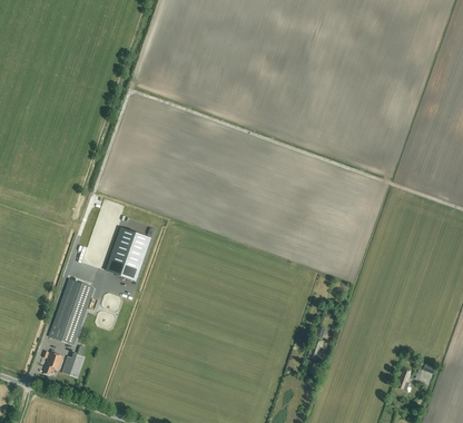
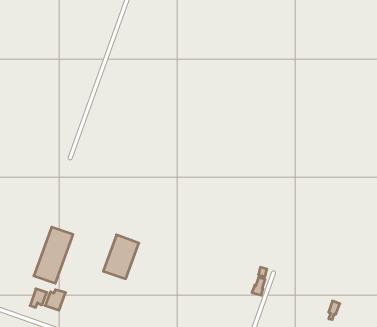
building: [108,227,150,279] -> [103,235,139,279]

